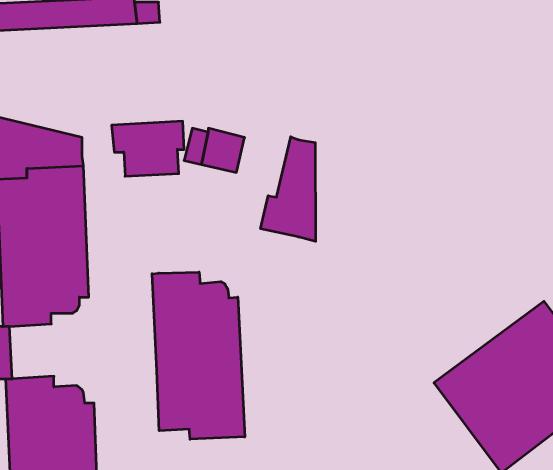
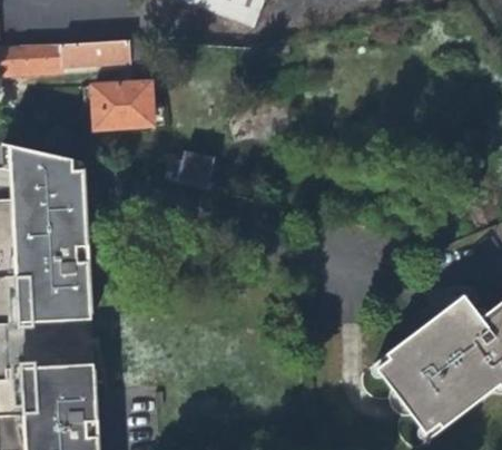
building: [112,121,184,176] -> [92,84,152,129]
building: [261,137,316,241] -> none
building: [152,272,245,439] -> none

